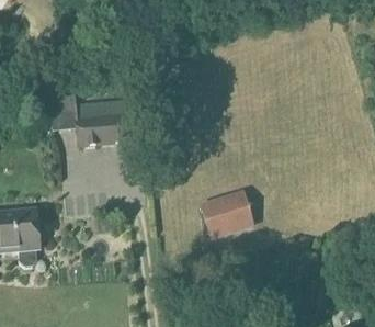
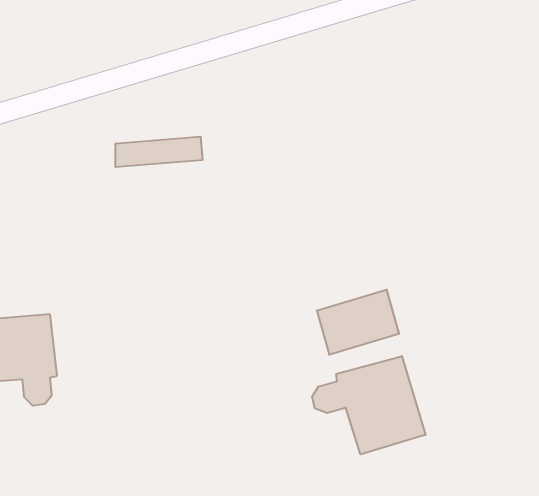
building: [71,112,133,146] -> none
building: none -> [312,356,426,454]

